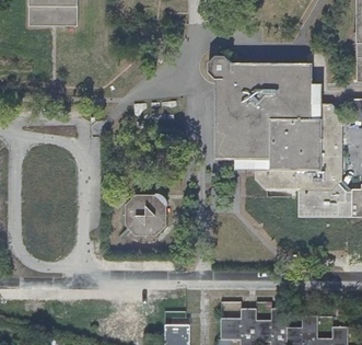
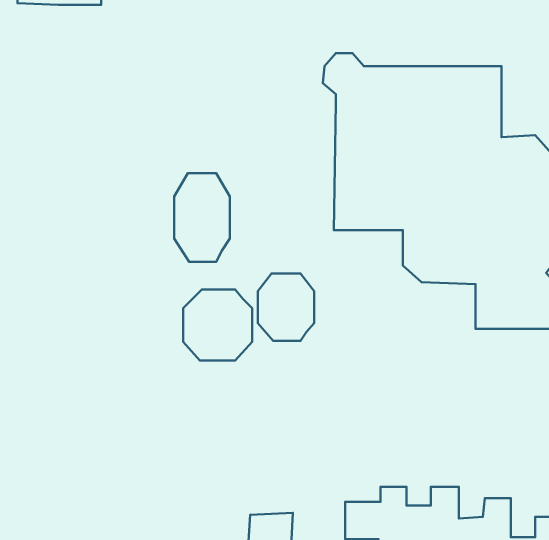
building: none -> [174,173,230,262]
building: none -> [258,273,314,341]

